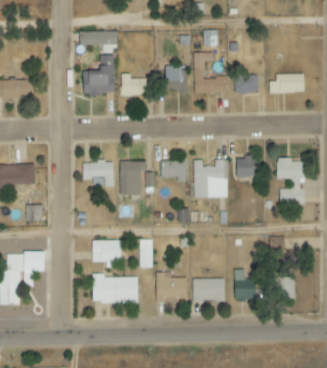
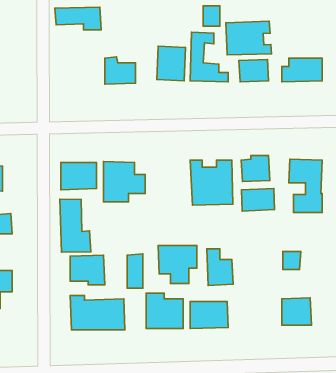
building: none -> [226,21,272,55]
building: [82,56,115,95] -> none
building: [161,160,187,182] -> none
building: none -> [241,188,275,211]
building: none -> [60,199,91,252]
building: none -> [158,246,197,283]
building: [234,270,256,301] -> [207,249,233,286]

